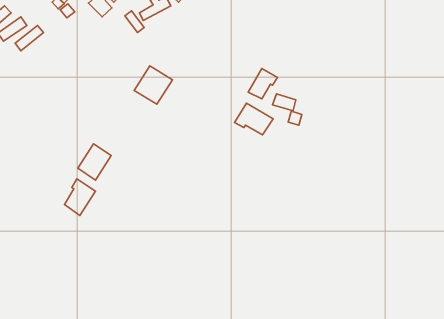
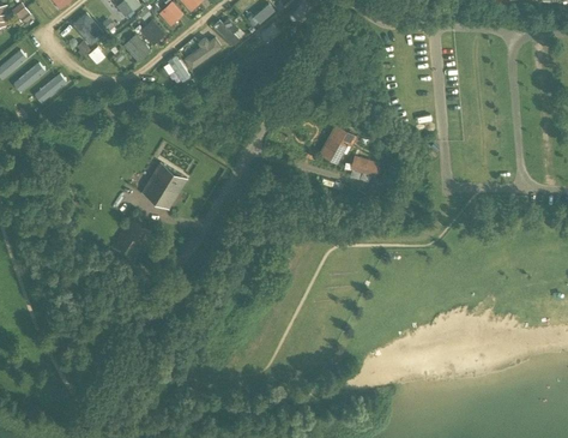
building: [134,66,172,104] -> [139,163,186,210]
building: [235,103,273,135] -> none
building: [64,179,95,215] -> none

